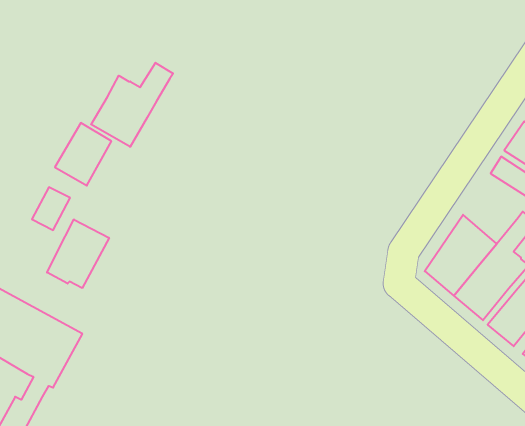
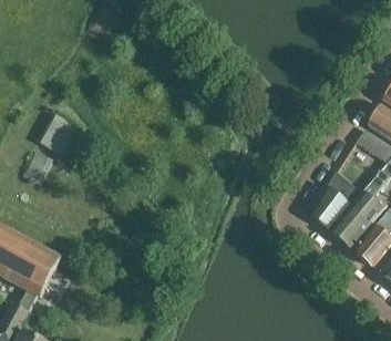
building: [91,63,173,147] -> none
building: [47,219,109,288] -> none

